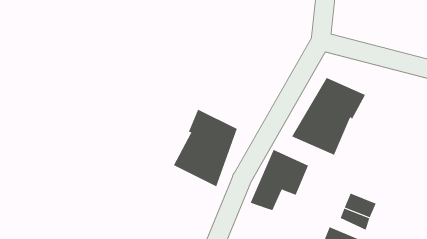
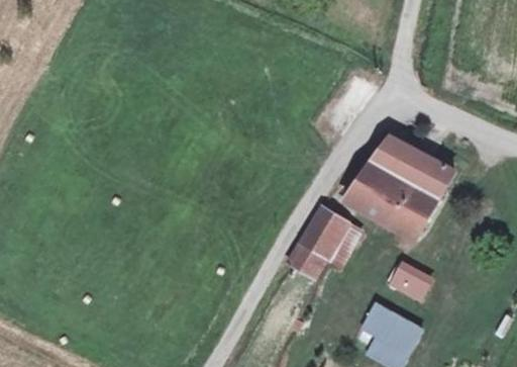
building: none -> [390,158,453,237]
building: [173,109,237,187] -> none

